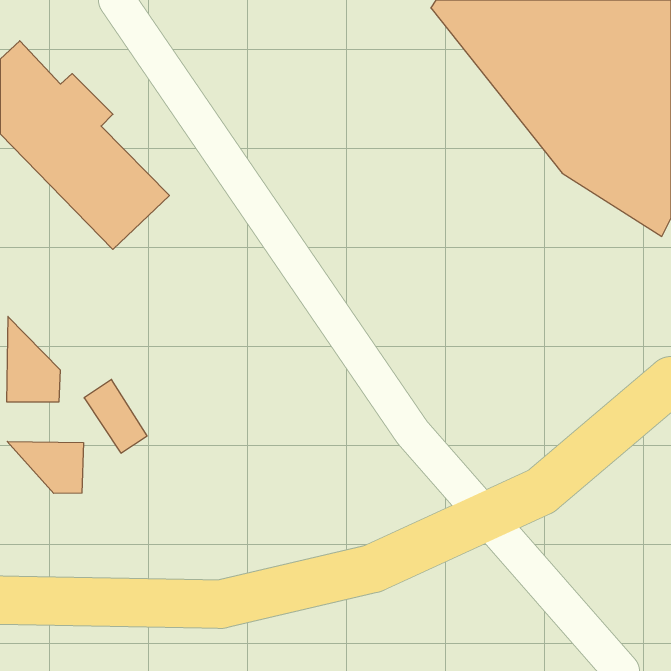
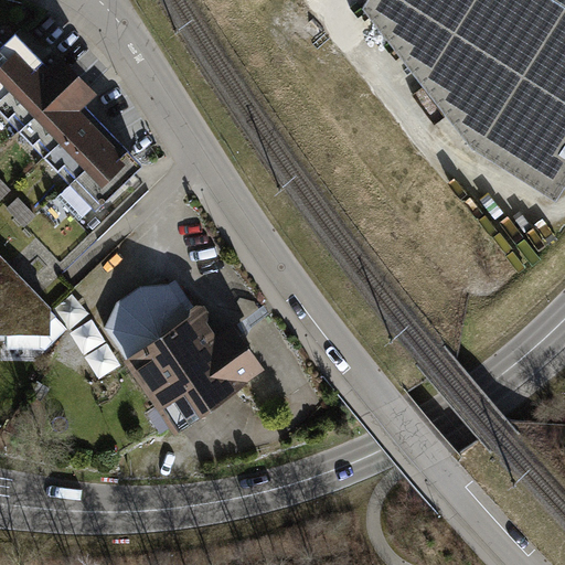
building: none -> [105,285,263,422]
building: [7,441,83,493] -> none

